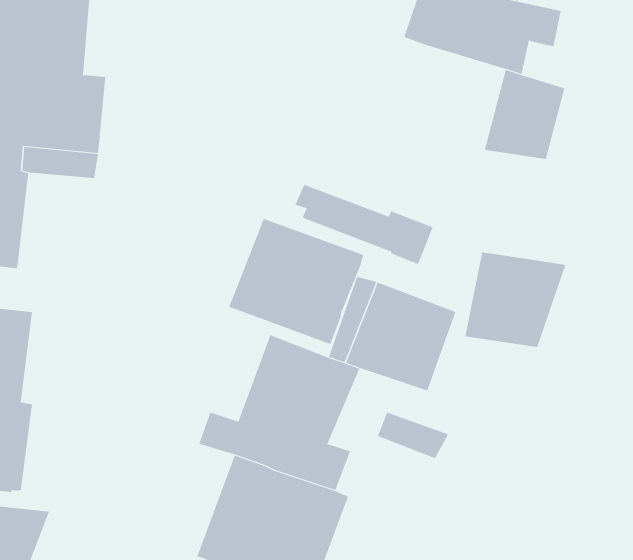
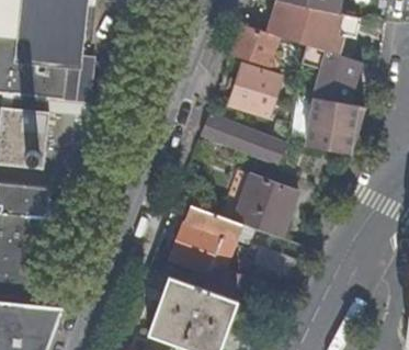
building: none -> [230,24,282,68]
building: none -> [228,65,280,116]
building: [229,218,364,345] -> none
building: [465,252,566,348] -> [305,98,364,154]

